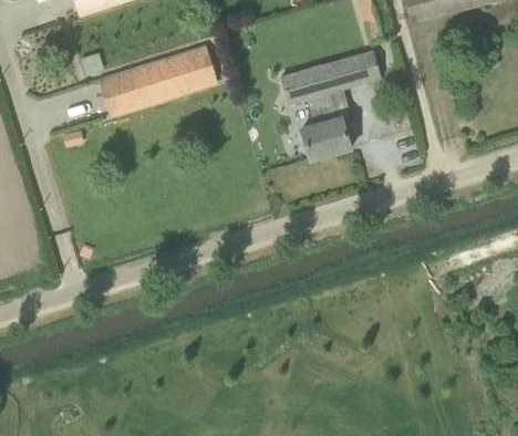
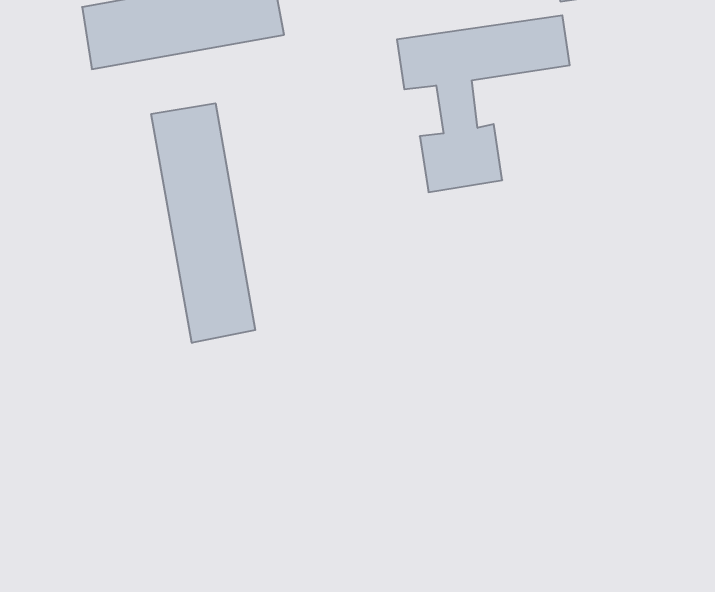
building: none -> [151,103,255,343]

